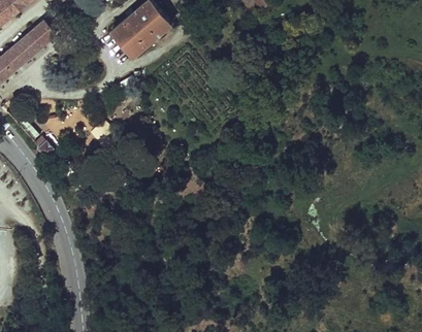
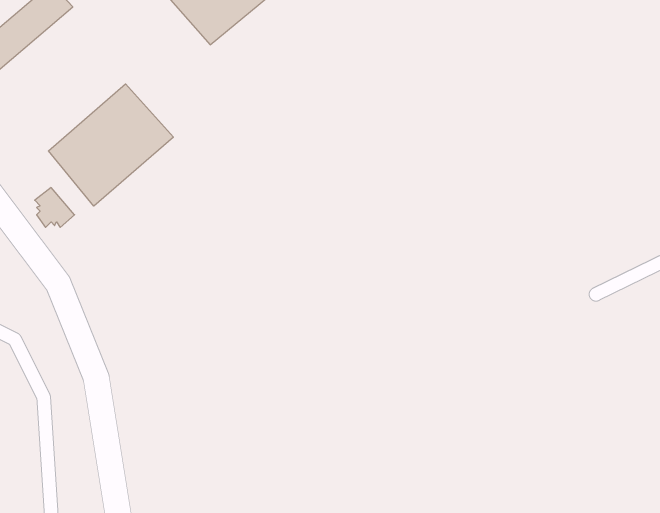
building: none -> [48,84,173,206]

